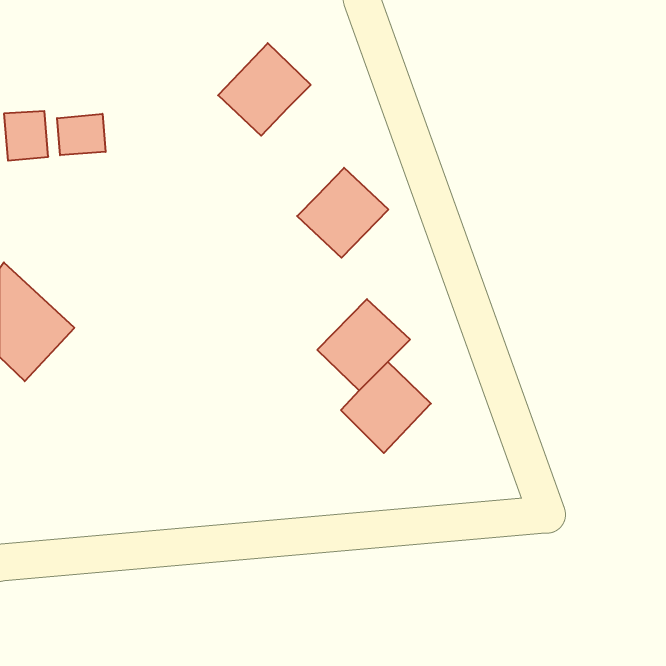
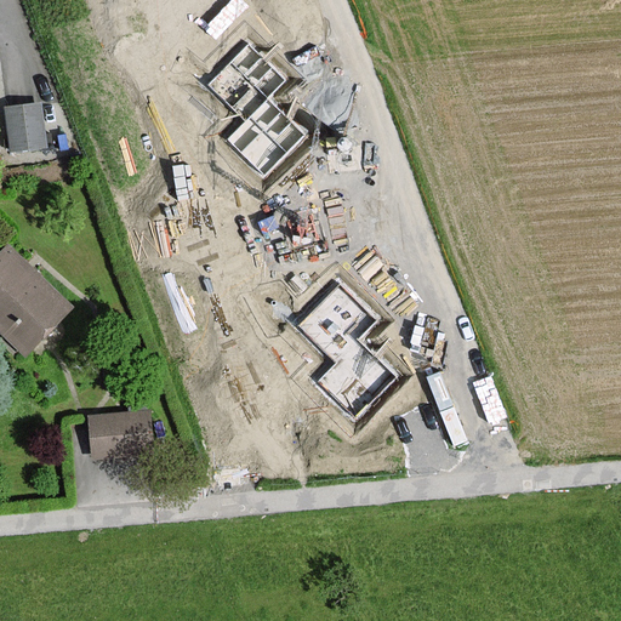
building: [57,114,106,155] -> none
building: [297,168,388,258] -> [224,99,309,183]
building: none -> [90,411,150,458]

